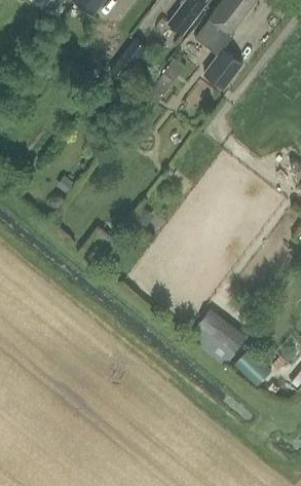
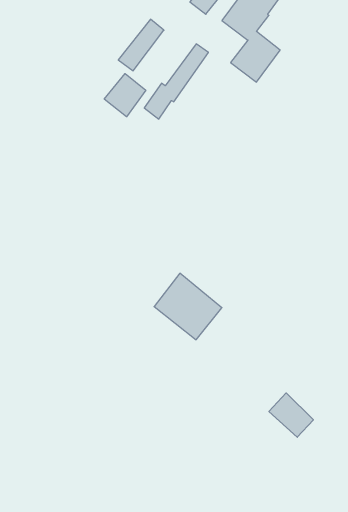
building: none -> [104,74,146,117]
building: [190,308,247,364] -> [154,273,222,340]

